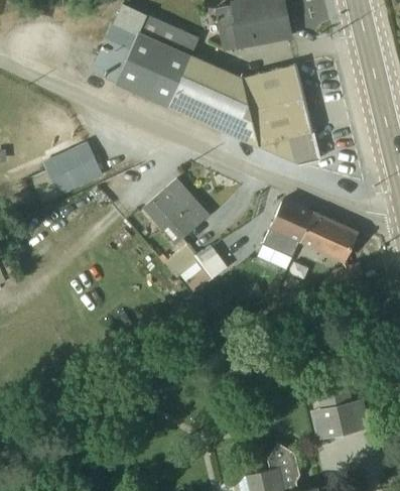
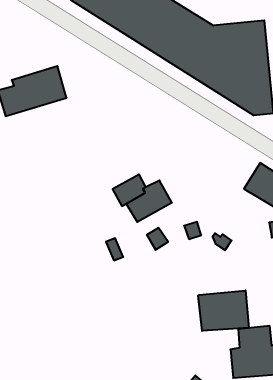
building: [143,179,209,244] -> none
building: [258,200,313,269] -> none
building: none -> [198,290,249,331]

